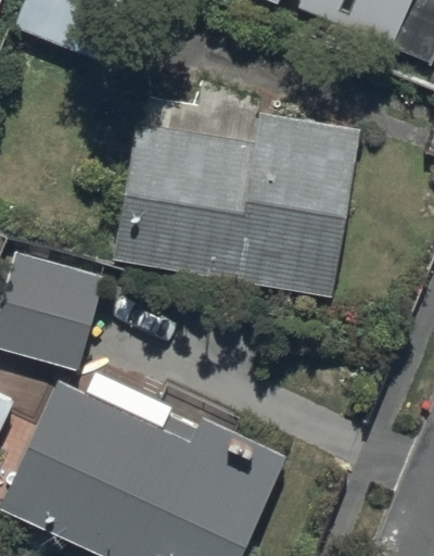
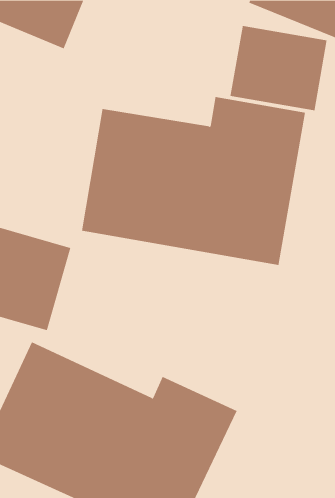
building: none -> [230,25,327,111]

